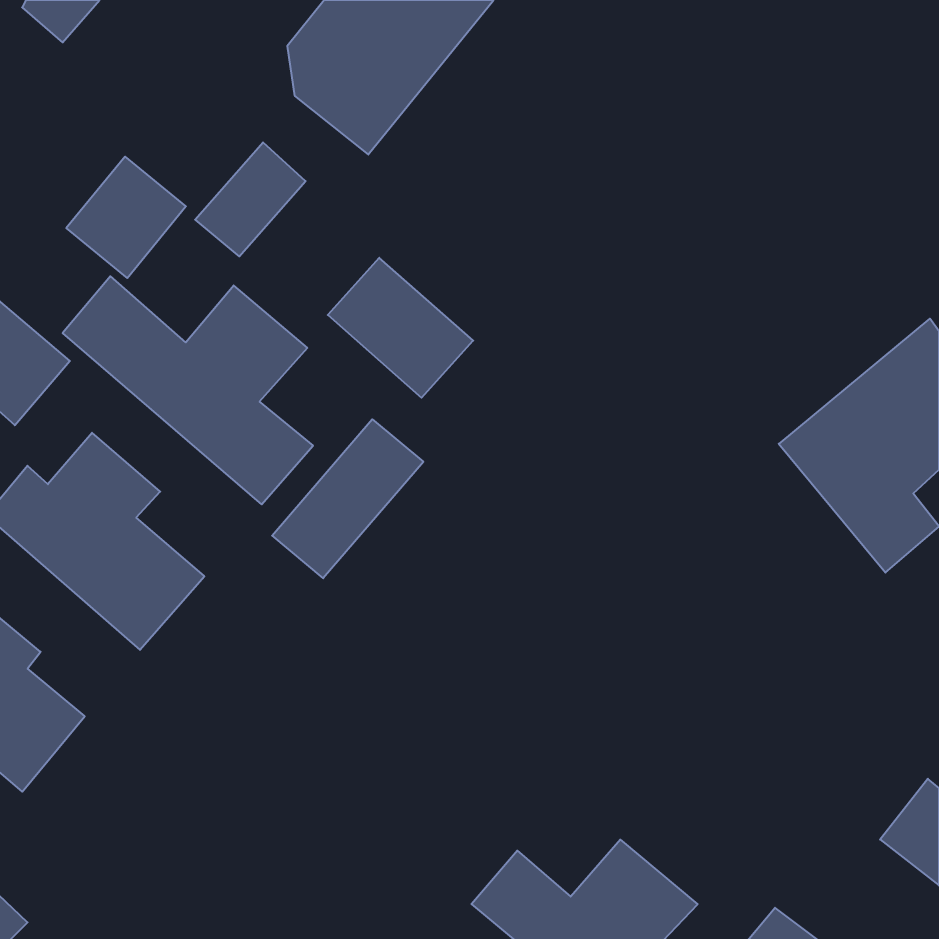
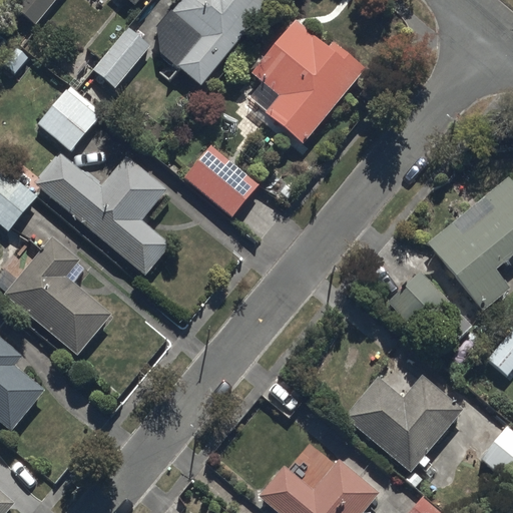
building: none -> [247,17,366,144]
building: [195,142,306,256] -> [90,26,150,88]
building: [272,419,423,578] -> none
building: none -> [345,375,462,471]

